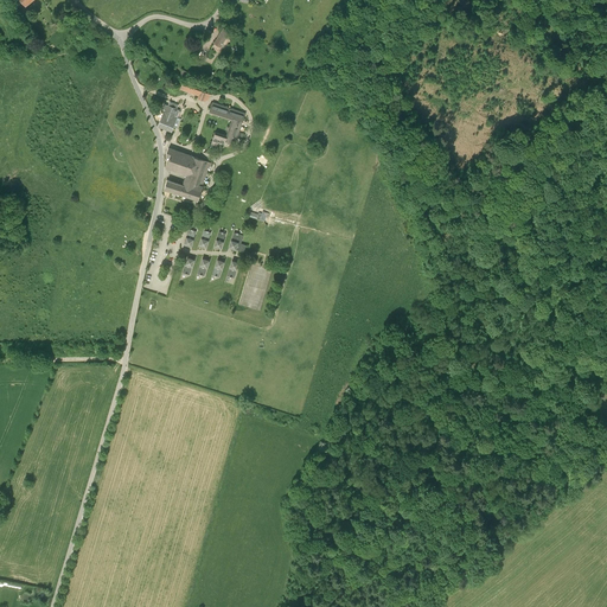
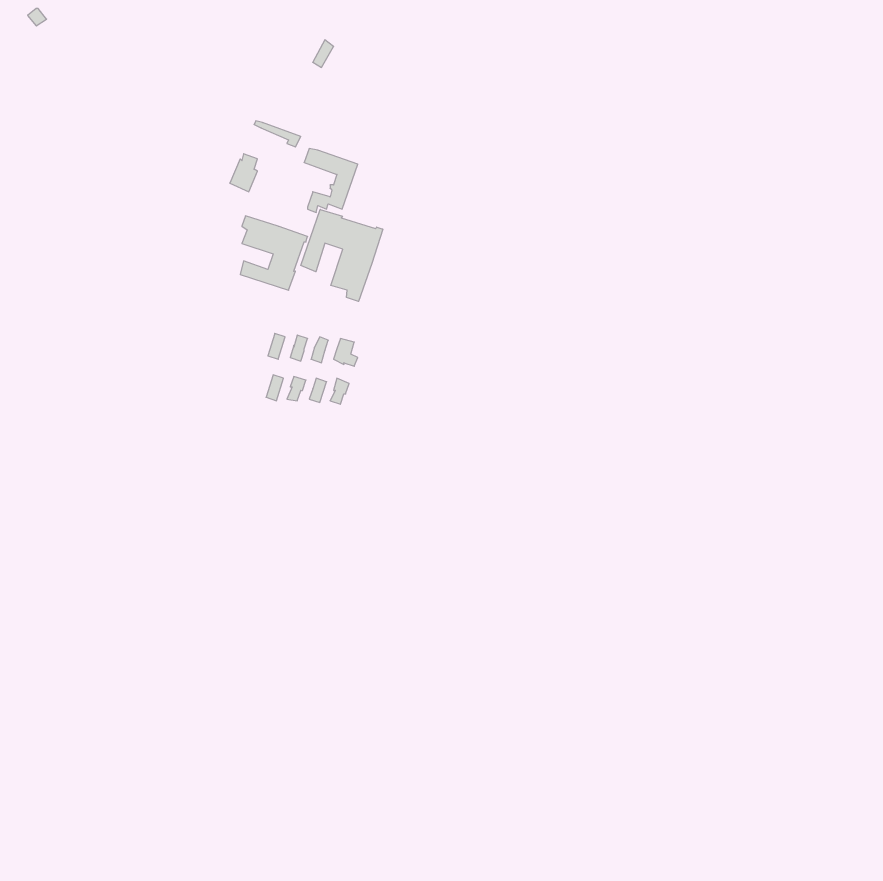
building: none -> [301,209,383,301]

